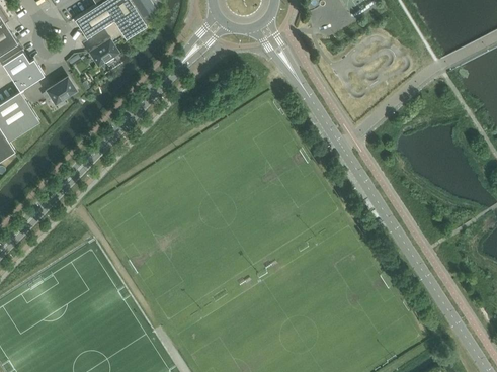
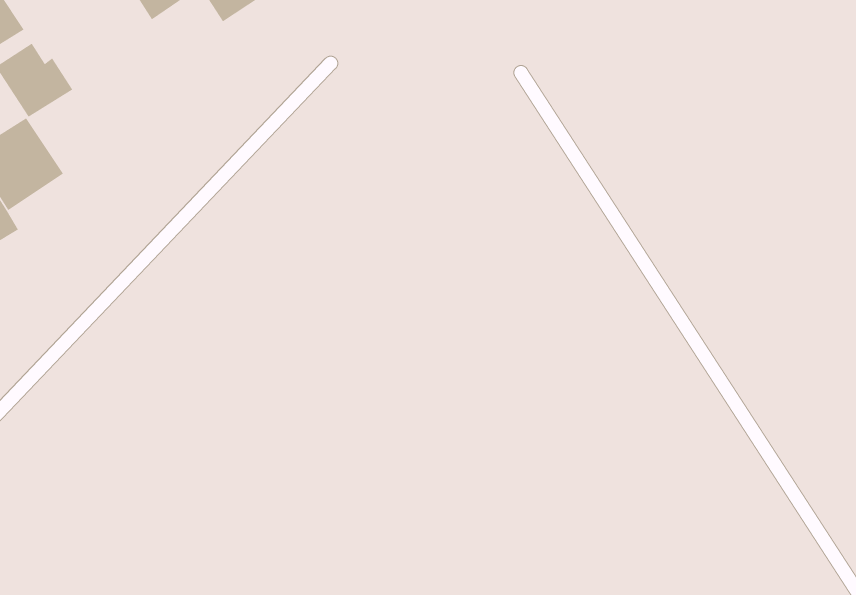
building: [89,38,118,66] -> none
building: [43,78,76,103] -> none

